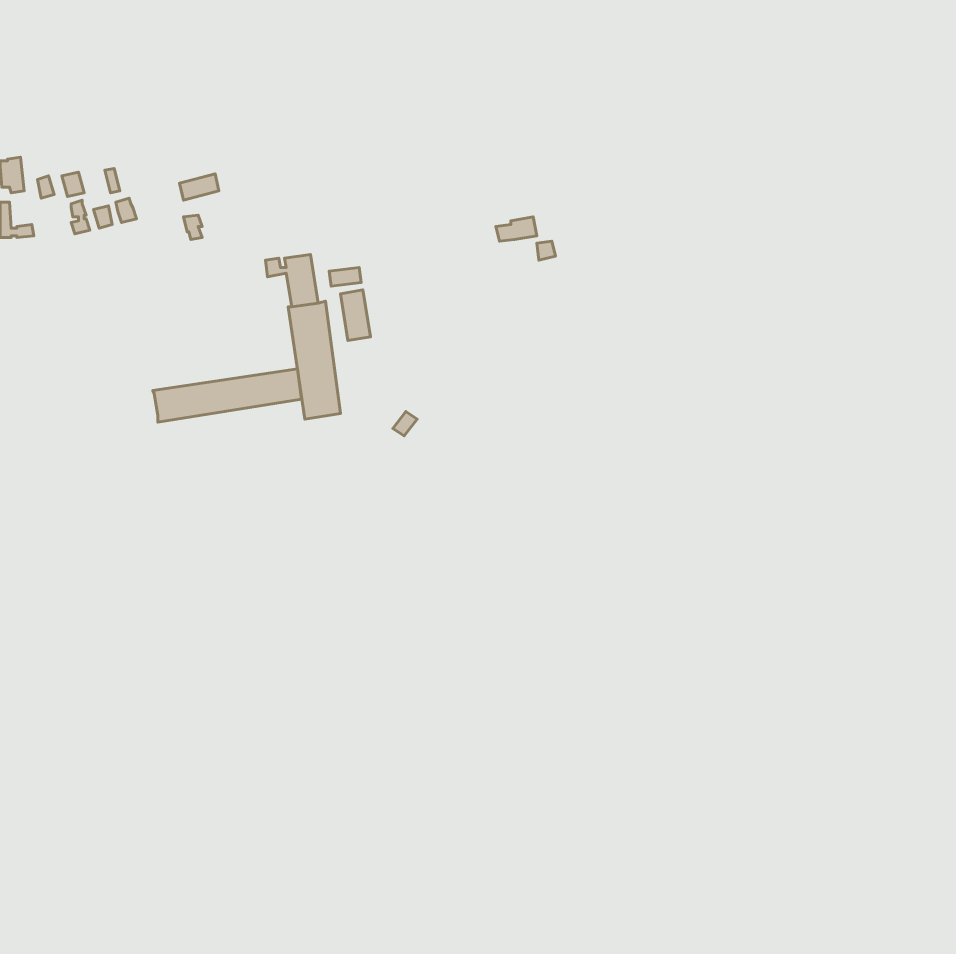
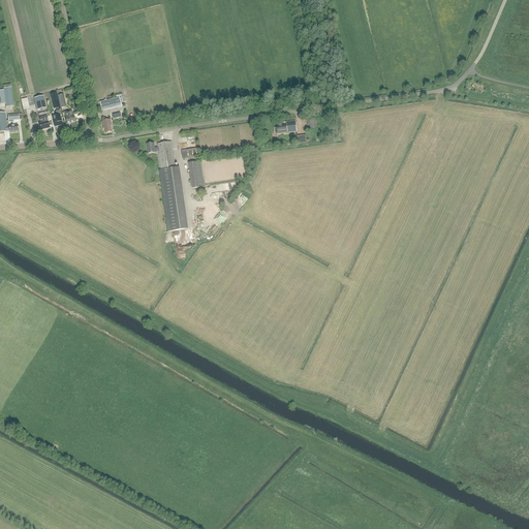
building: [153,369,302,422] -> none

